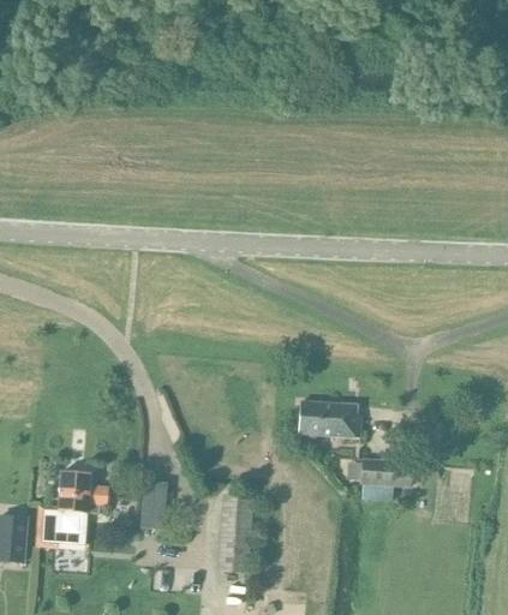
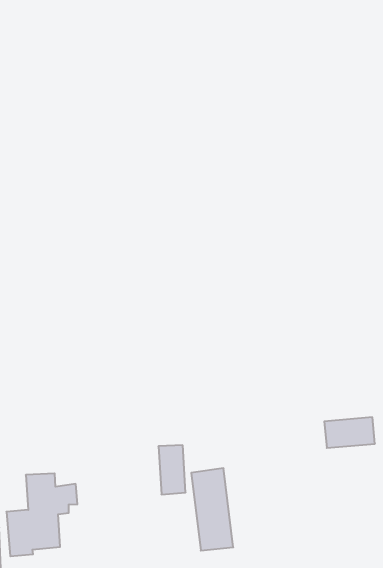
building: [298,402,364,438] -> none
building: [141,482,168,531] -> [158,445,186,494]

